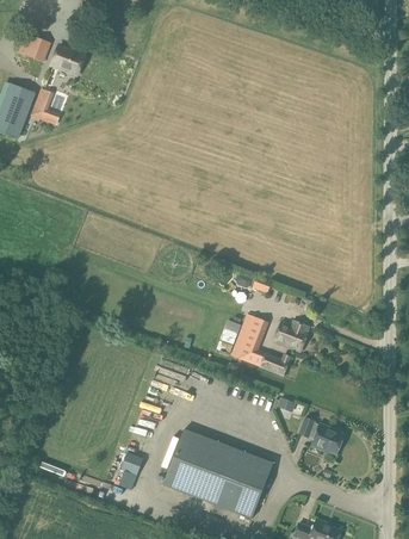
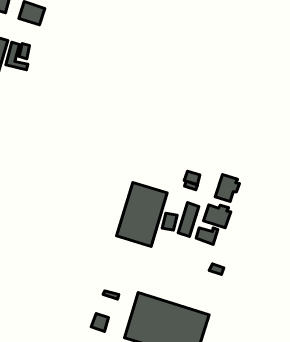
building: none -> [215,175,240,201]
building: none -> [116,183,167,247]
building: [297,415,343,452] -> none

